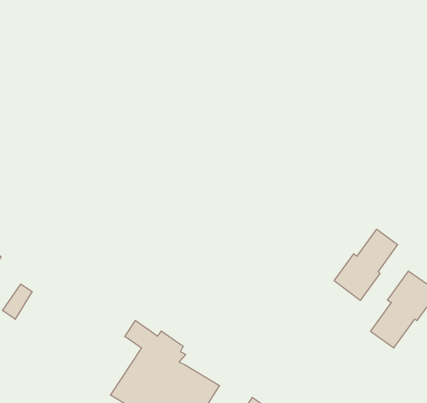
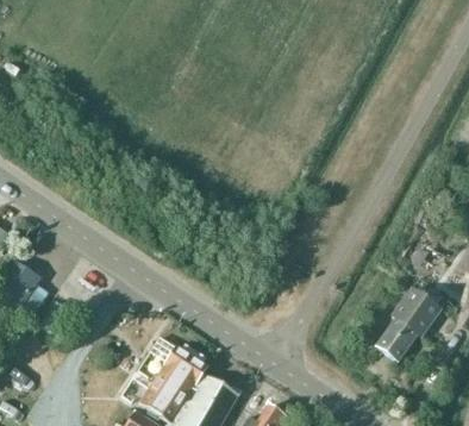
building: [334,229,398,300] -> none

